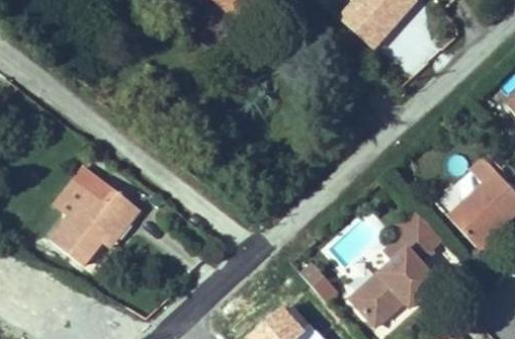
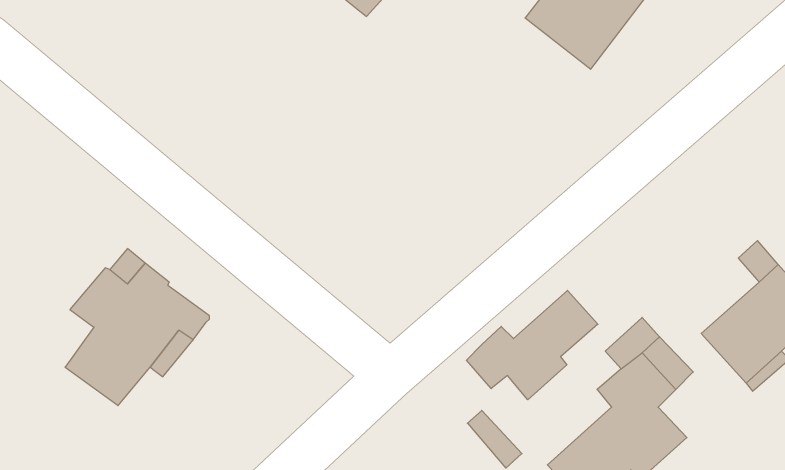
building: none -> [466,290,598,400]

